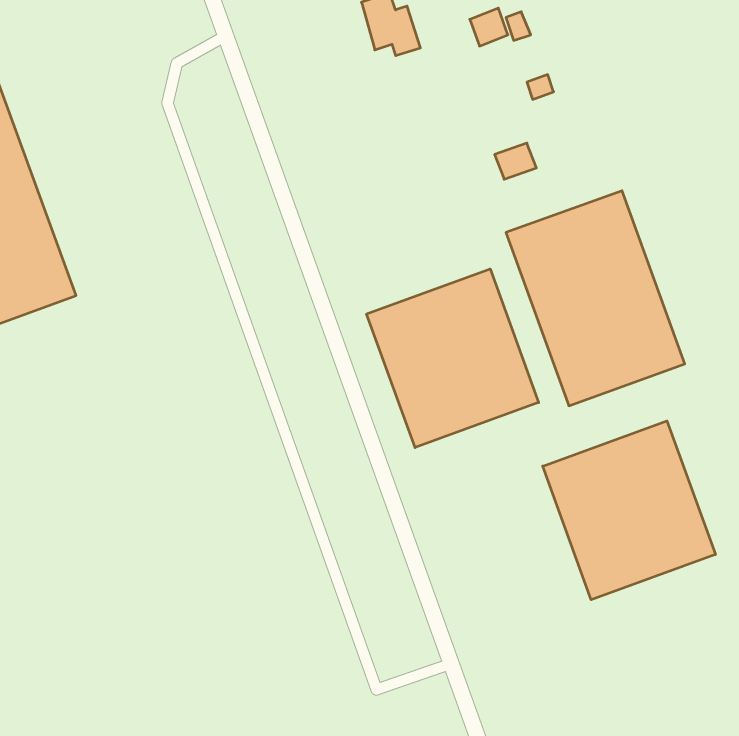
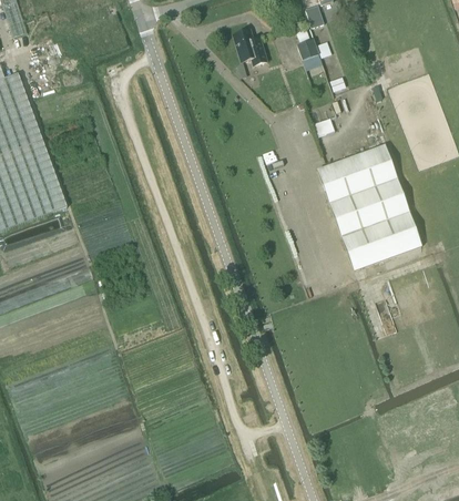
building: [367,269,539,448] -> none
building: [543,421,715,600] -> none

